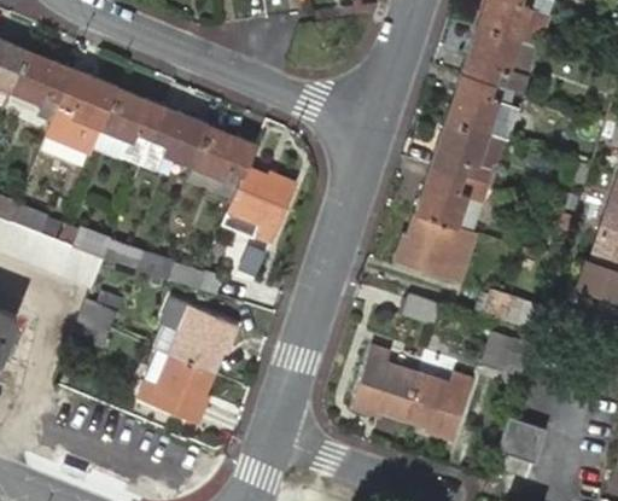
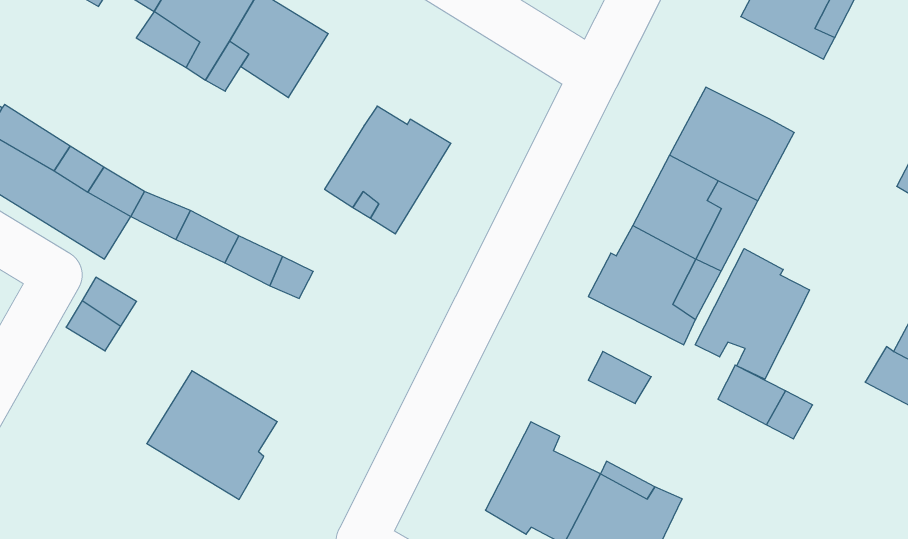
building: [447,74,517,134] -> none
building: [190,126,253,181] -> none
building: none -> [695,249,809,379]
building: [157,299,238,371] -> none
building: [483,334,530,377] -> none

